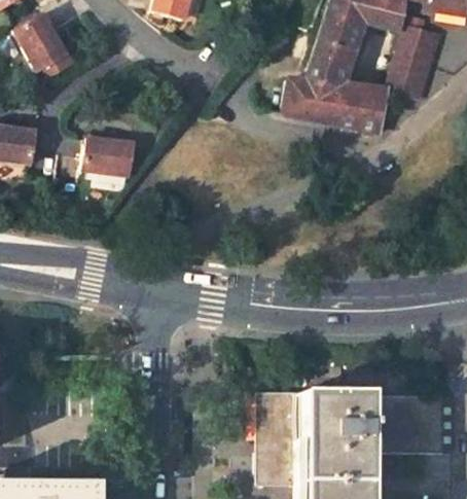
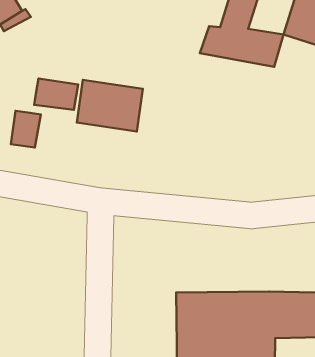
building: none -> [77,80,143,132]
building: none -> [11,111,41,147]

